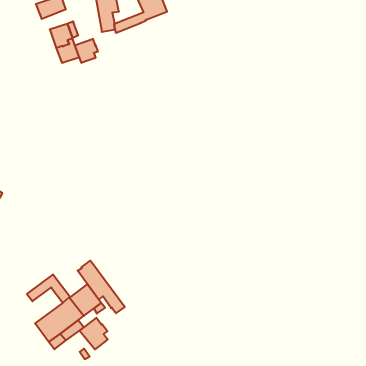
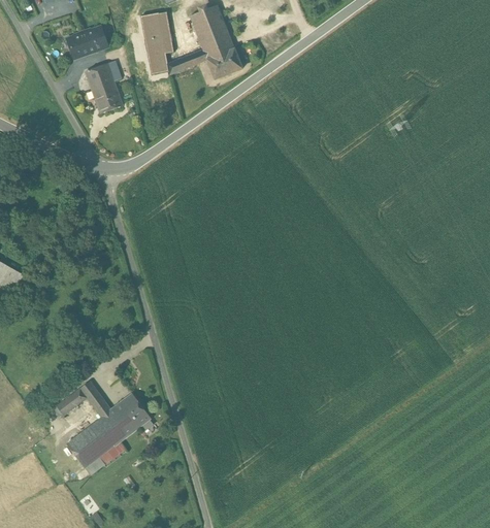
building: none -> [206,47,241,78]
building: [75,39,98,63] -> none
building: [78,261,125,313] -> none
building: [80,318,108,349] -> none

